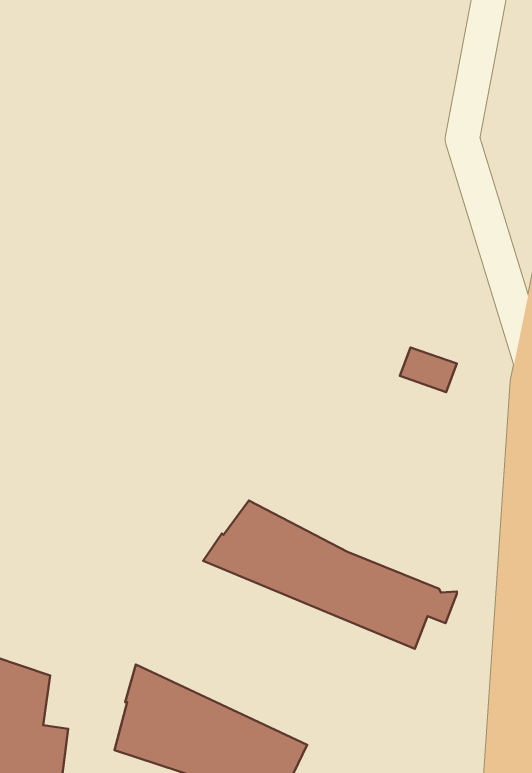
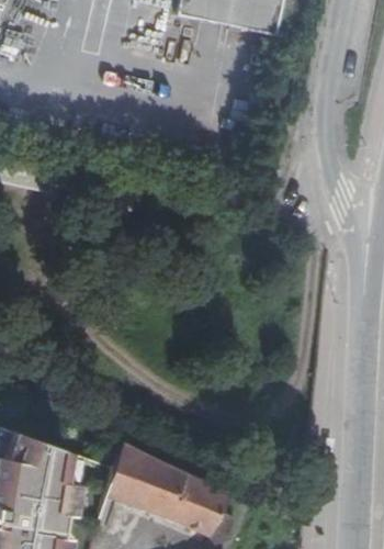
building: [203,501,457,649] -> none

